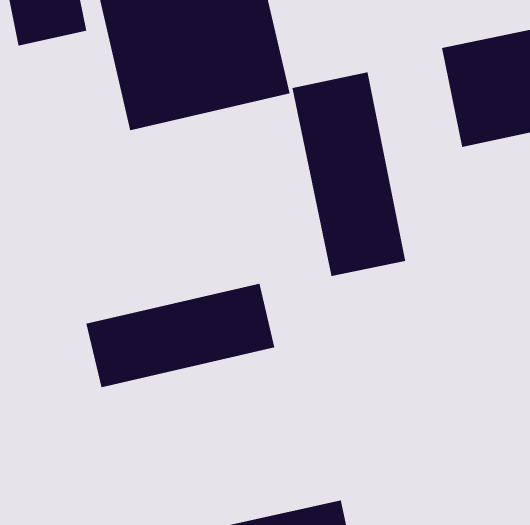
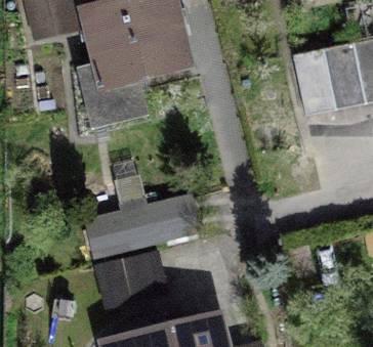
building: [292,71,406,277] -> none
building: none -> [99,260,173,329]

